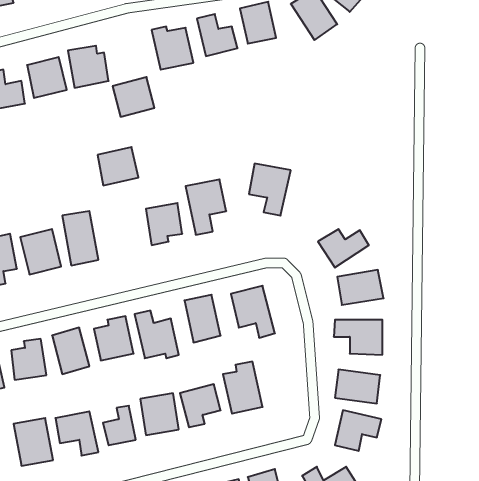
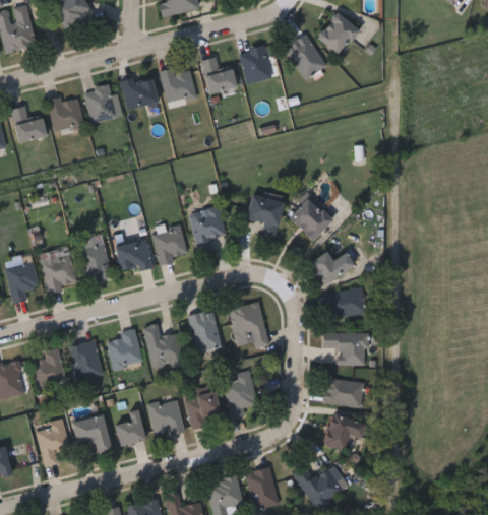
building: [113,77,154,117] -> [119,76,157,112]
building: [98,147,138,185] -> [115,239,151,273]
building: none -> [290,198,331,240]

